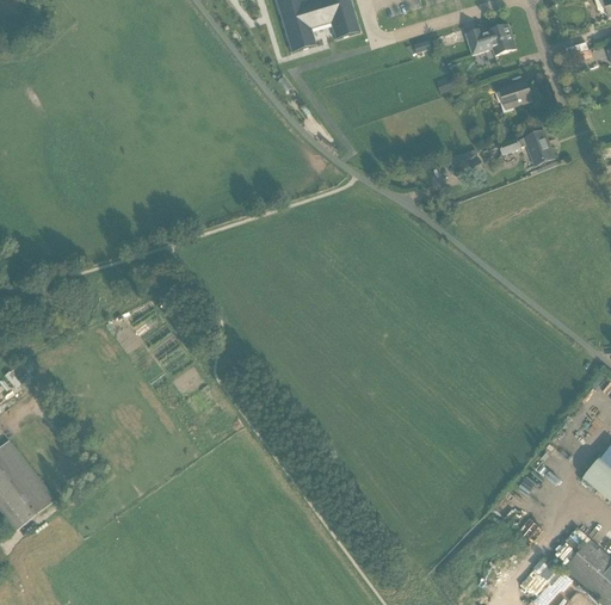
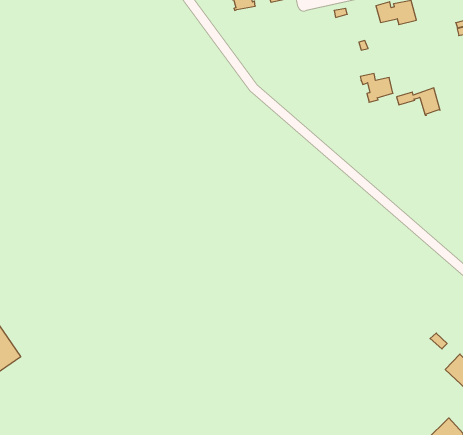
building: [490,76,532,112] -> [360,74,393,102]

